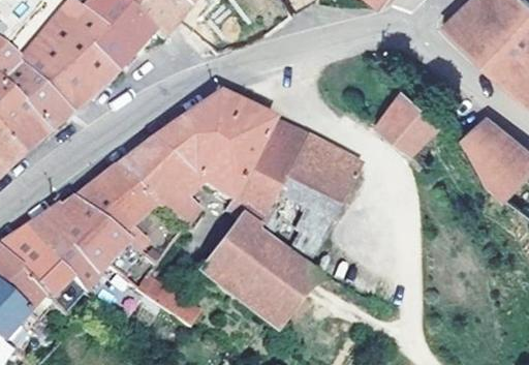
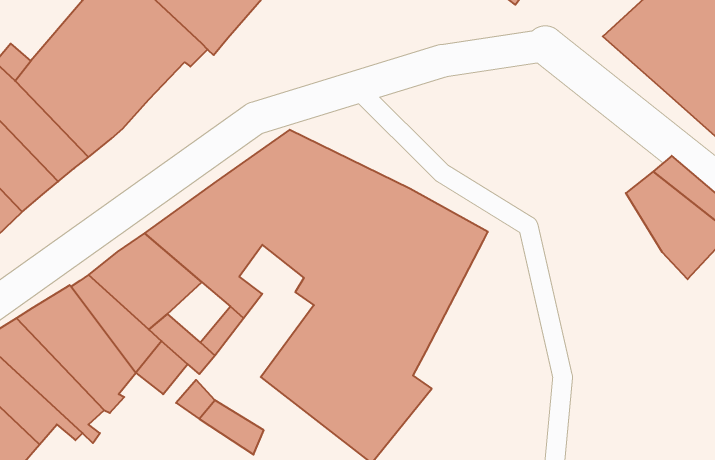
building: [373,75,442,153] -> none

